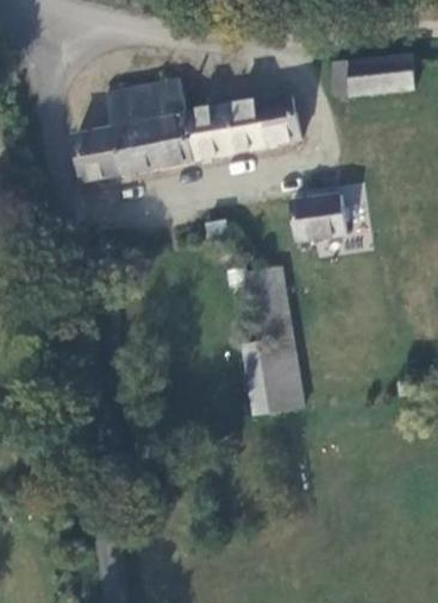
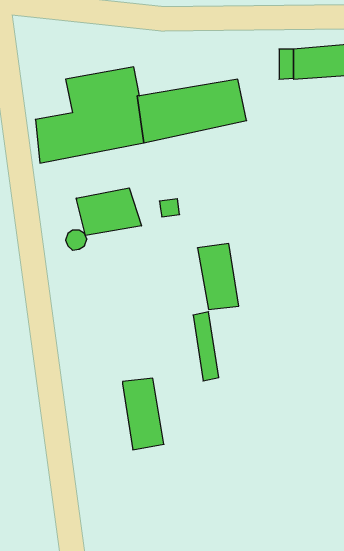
building: [293,194,349,241] -> none
building: none -> [76,188,141,235]
building: [261,334,305,410] -> [123,378,164,450]

